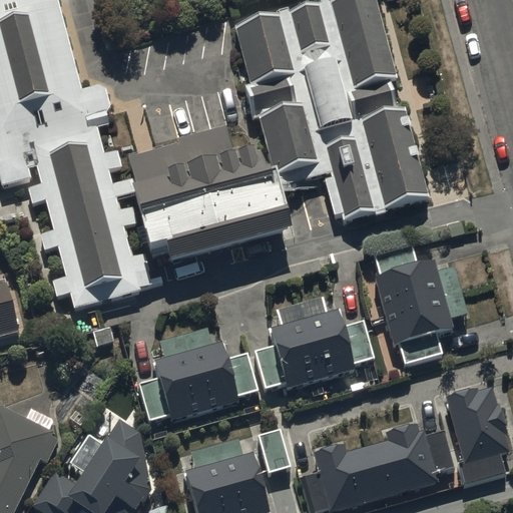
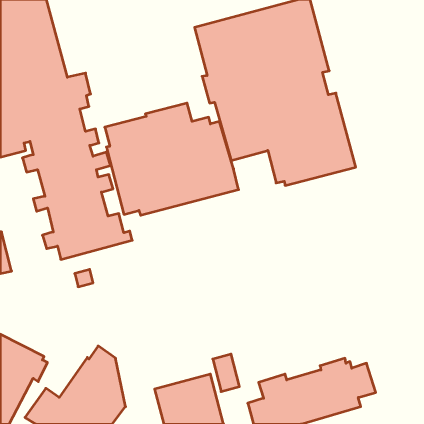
building: [372,242,467,362] -> none
building: [252,294,373,388] -> none
building: [137,324,258,419] -> none
building: [445,395,508,490] -> none

